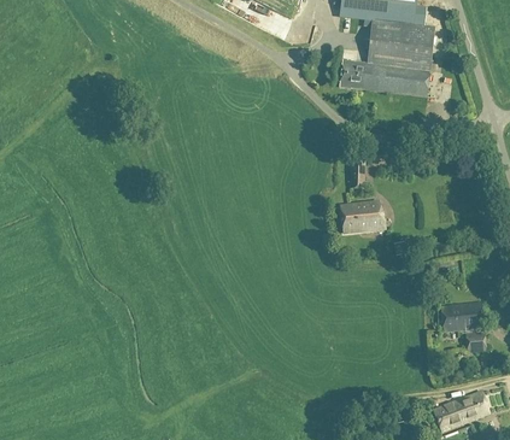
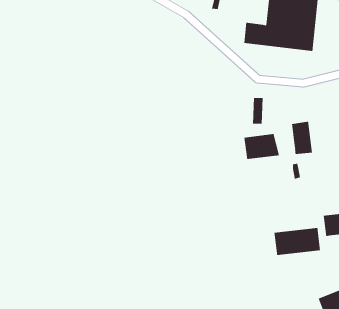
building: none -> [291,121,313,155]
building: none -> [274,227,321,256]

